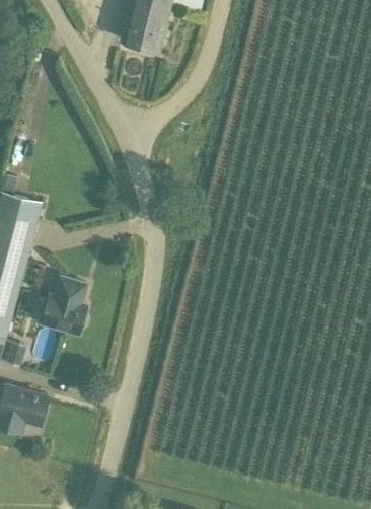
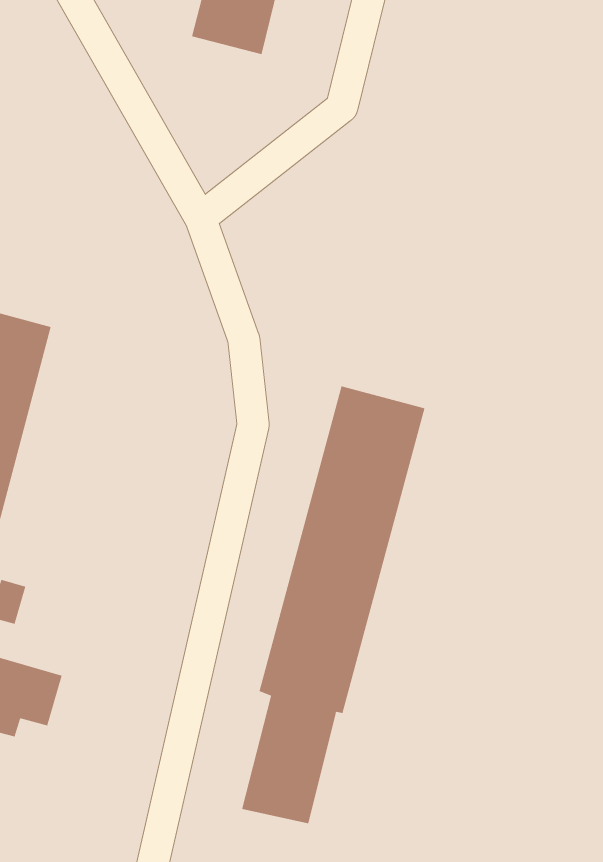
building: none -> [242,386,425,824]
building: [42,276,88,334] -> none

